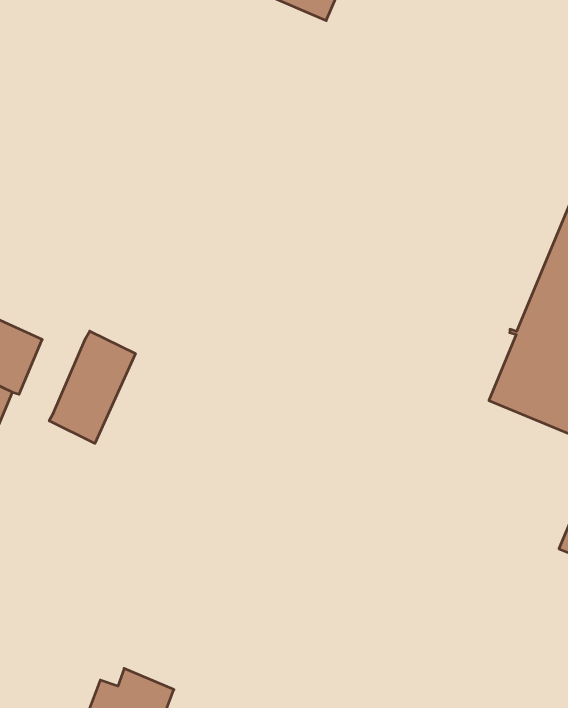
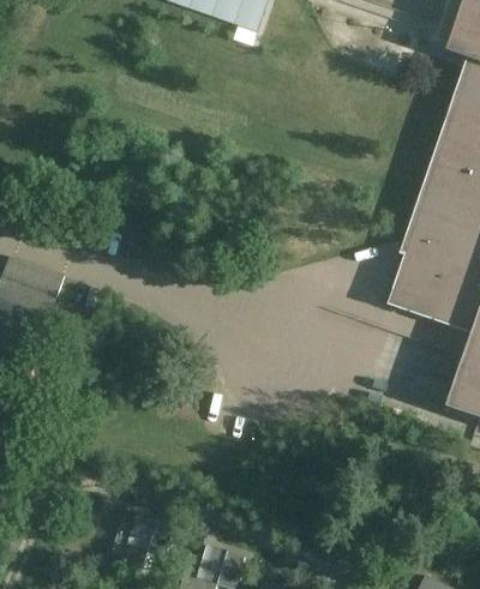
building: [49,331,135,443] -> none

